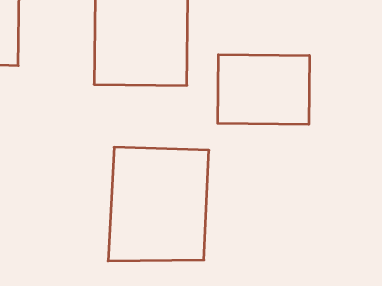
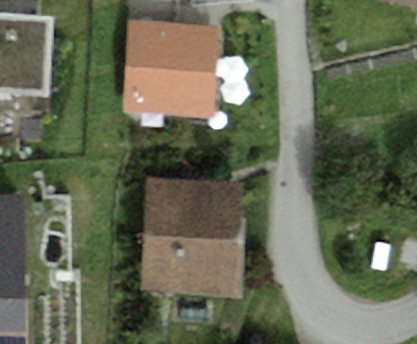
building: [218,55,309,124] -> none

